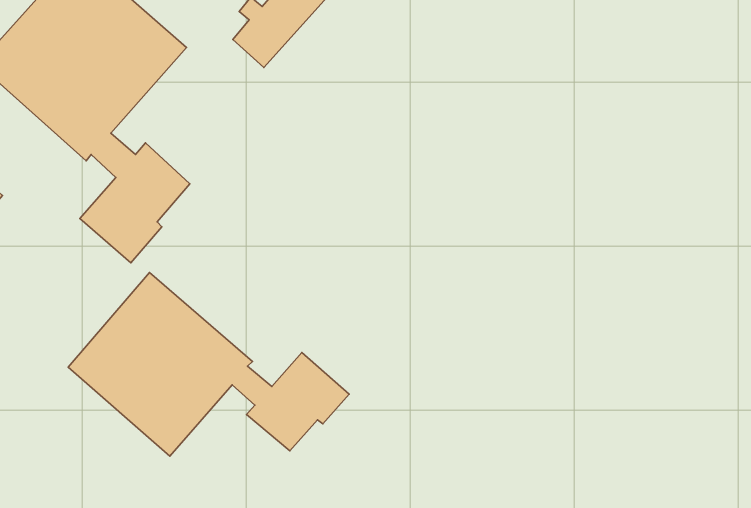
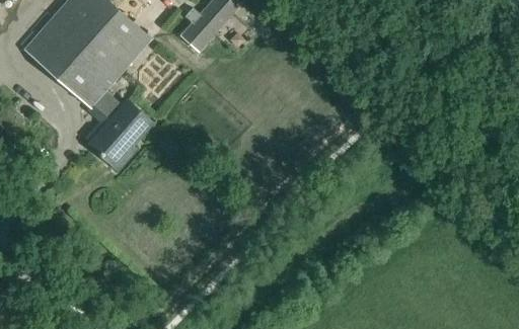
building: [68,273,349,456] -> none

